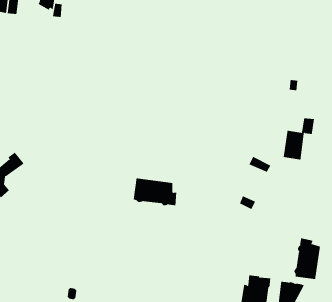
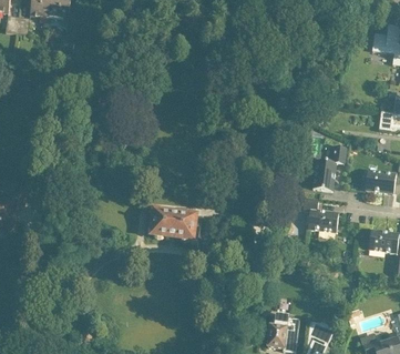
building: none -> [302,195,339,231]
building: [294,238,320,280] -> none

